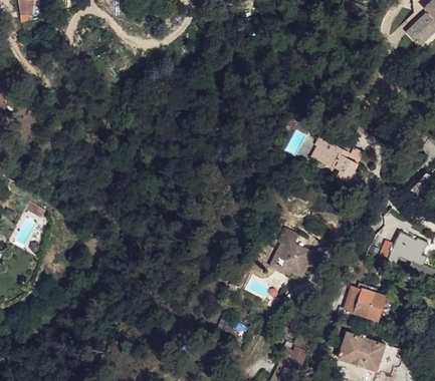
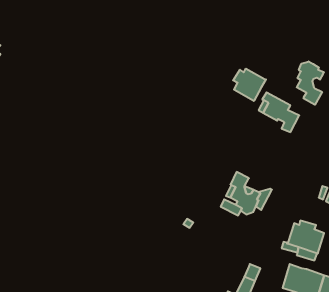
building: none -> [297,61,324,105]
building: none -> [233,69,266,101]

